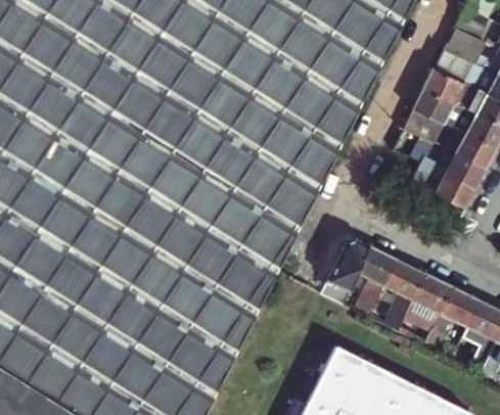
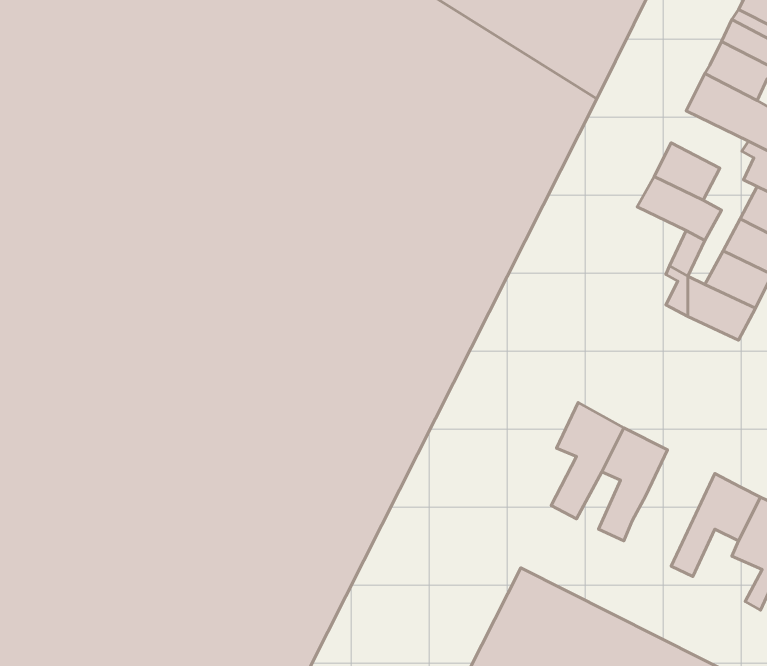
building: [424,67,471,102] -> none
building: [320,238,368,301] -> none
building: [396,273,451,343] -> none

